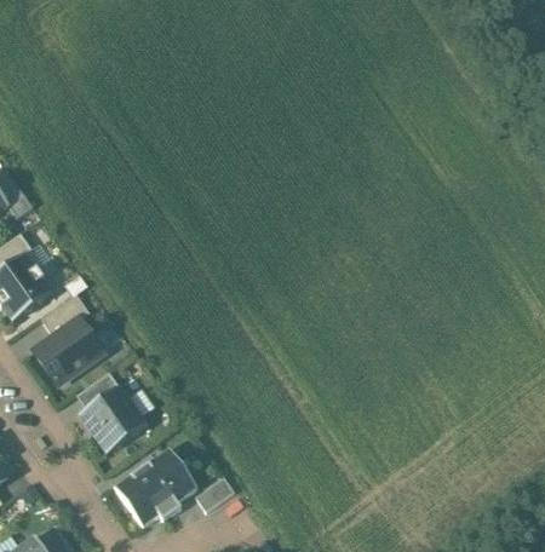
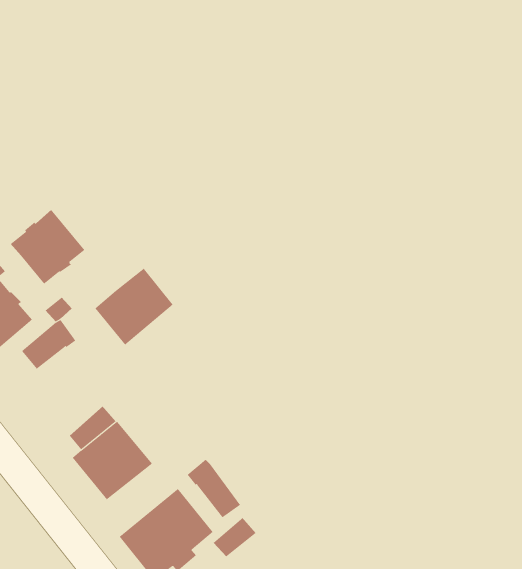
building: none -> [10,209,85,285]
building: [33,317,102,384] -> [94,267,174,346]
building: none -> [187,459,241,518]

